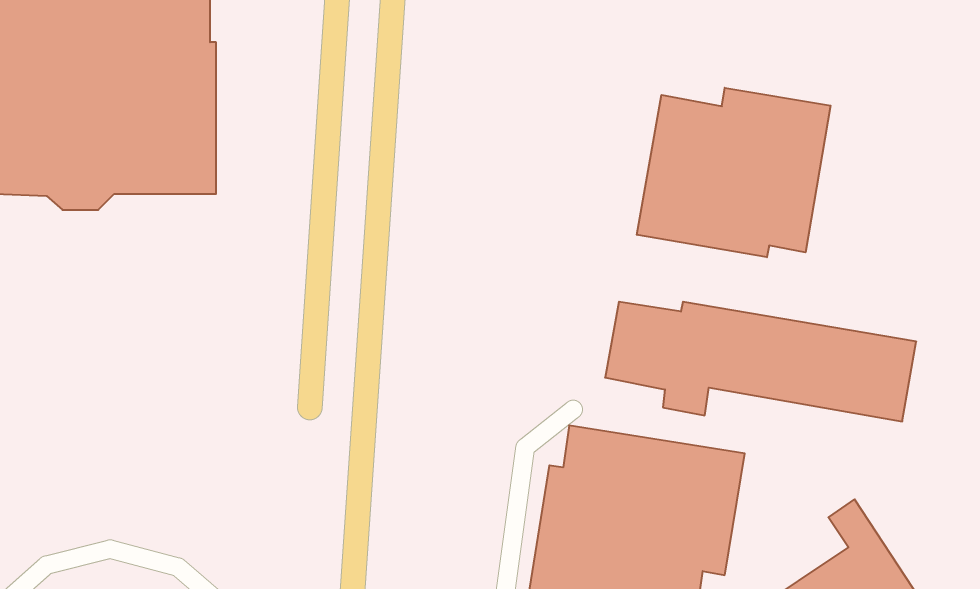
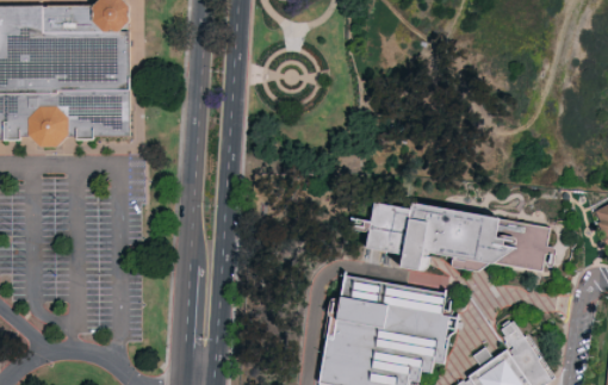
building: [637,88,831,257] -> none

